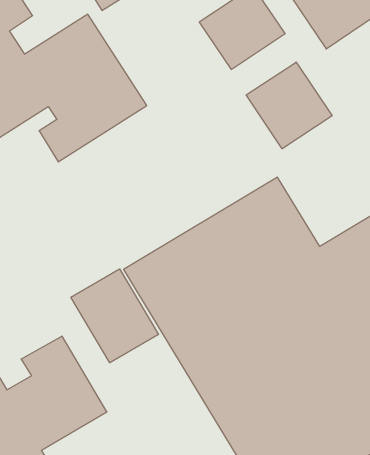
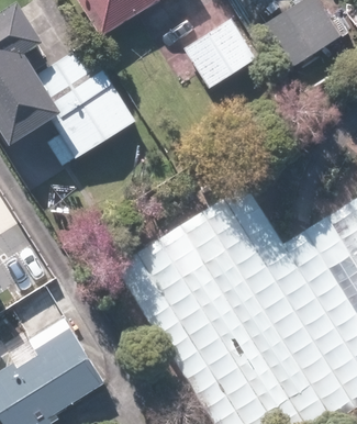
building: [246,62,332,149] -> none
building: [71,269,158,363] -> none

